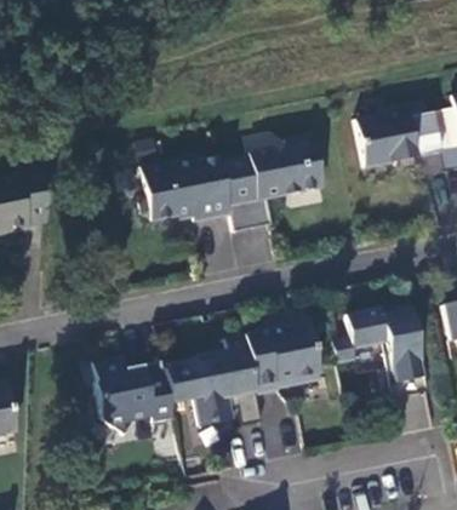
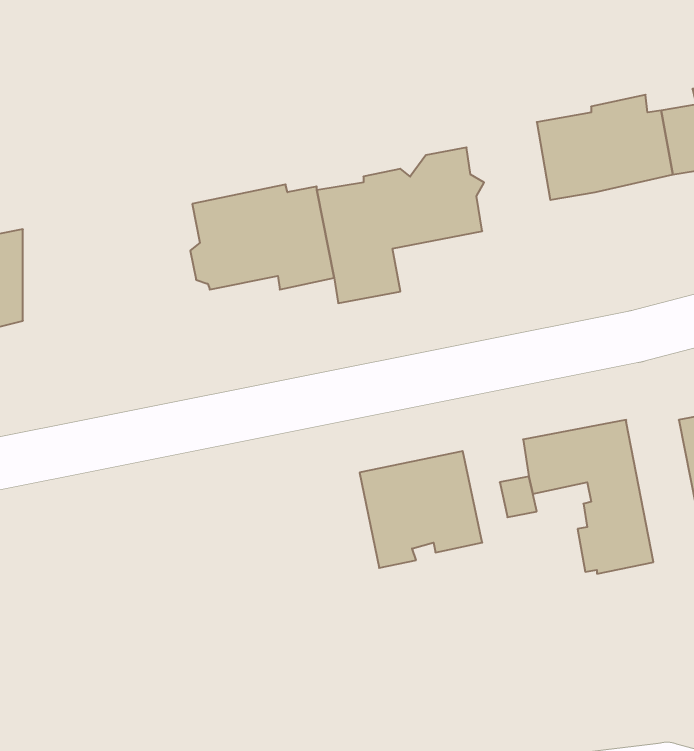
building: [193,336,262,426] -> none
building: [93,357,173,436] -> none

